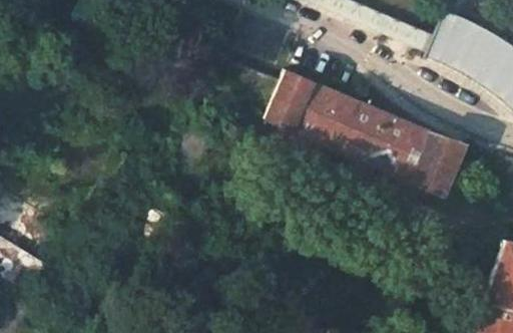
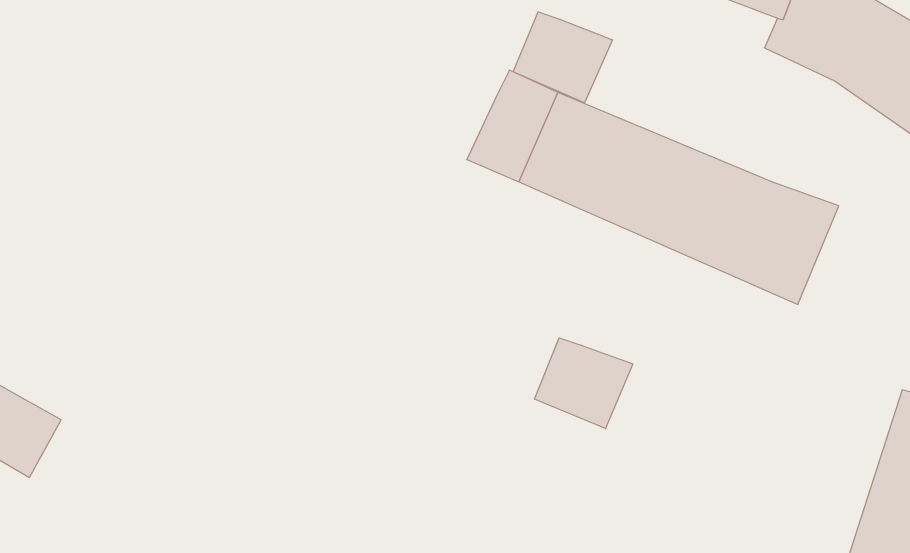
building: none -> [513,12,613,103]
building: none -> [535,338,633,429]

